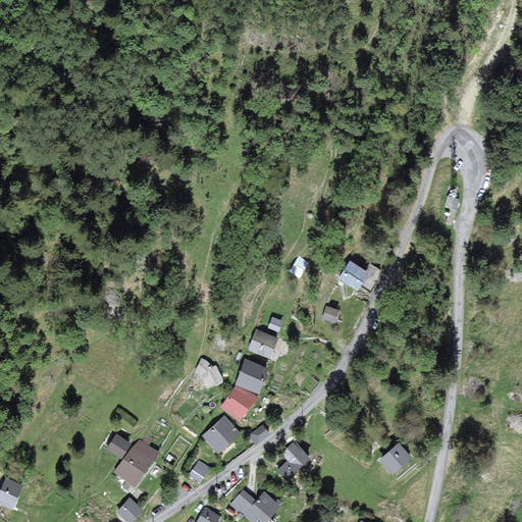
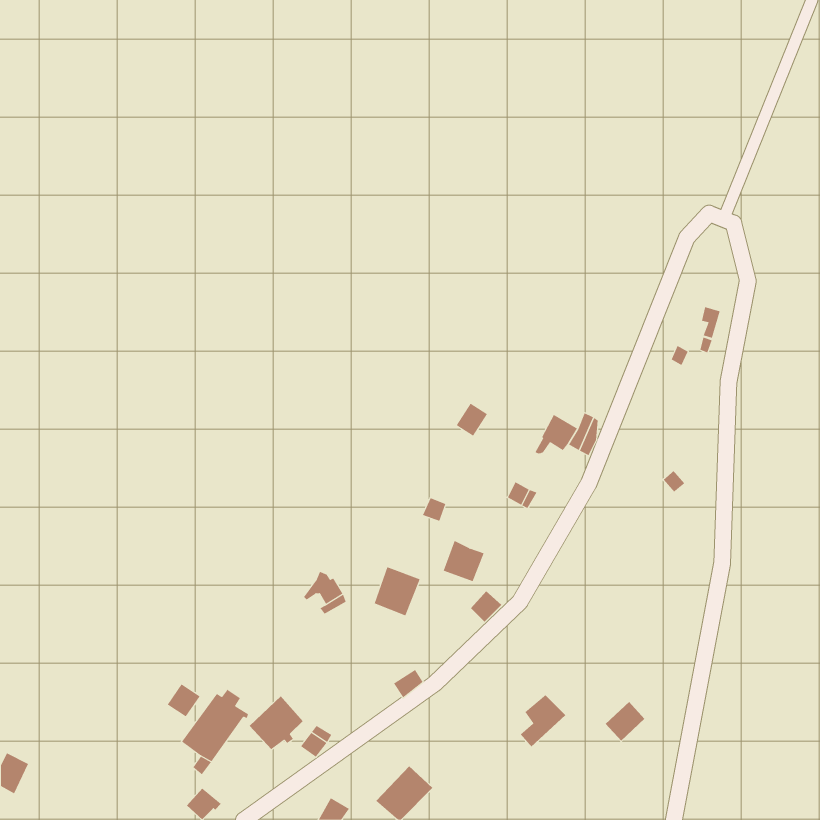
building: [249,330,275,357] -> [443,540,485,582]
building: [222,385,256,420] -> none
building: [203,417,238,452] -> [249,695,303,750]
building: [278,445,308,478] -> [520,694,566,747]

